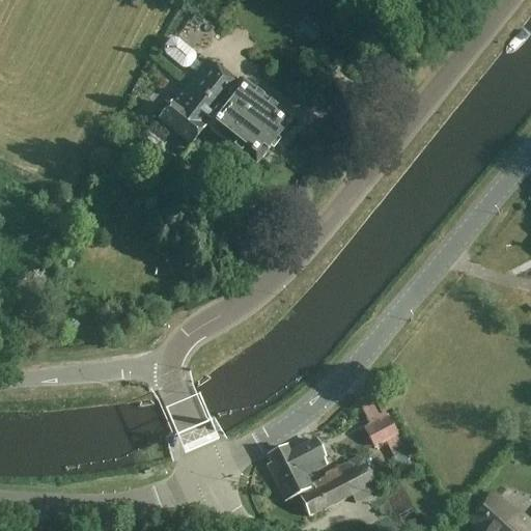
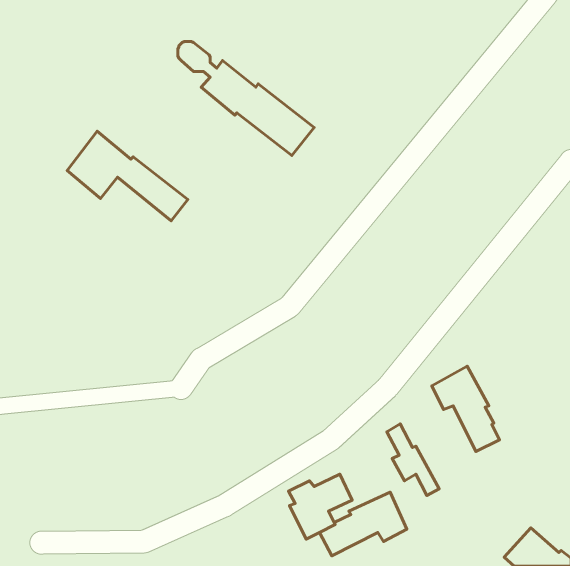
building: [160,81,272,164] -> [67,131,188,221]
building: none -> [432,366,500,451]

